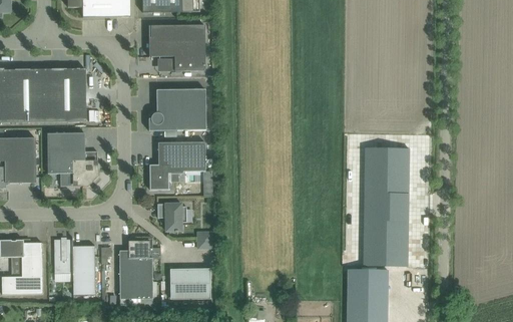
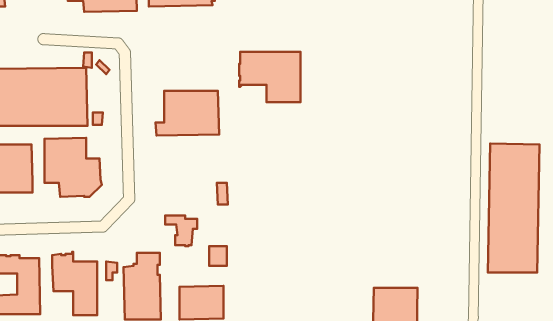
building: [149,25,205,71] -> [239,52,300,102]
building: [149,142,205,190] -> none
building: [363,147,410,266] -> [488,143,539,273]

